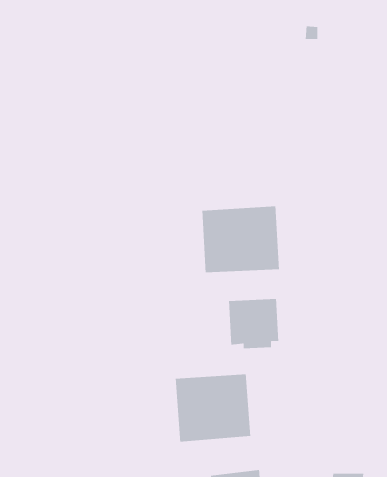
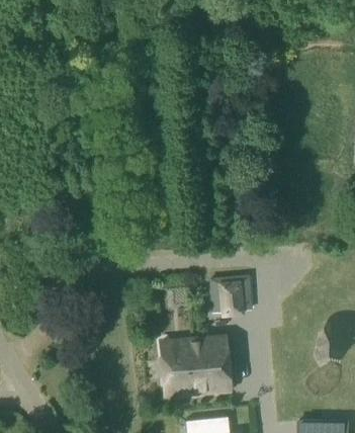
building: [202,206,280,273] -> none

